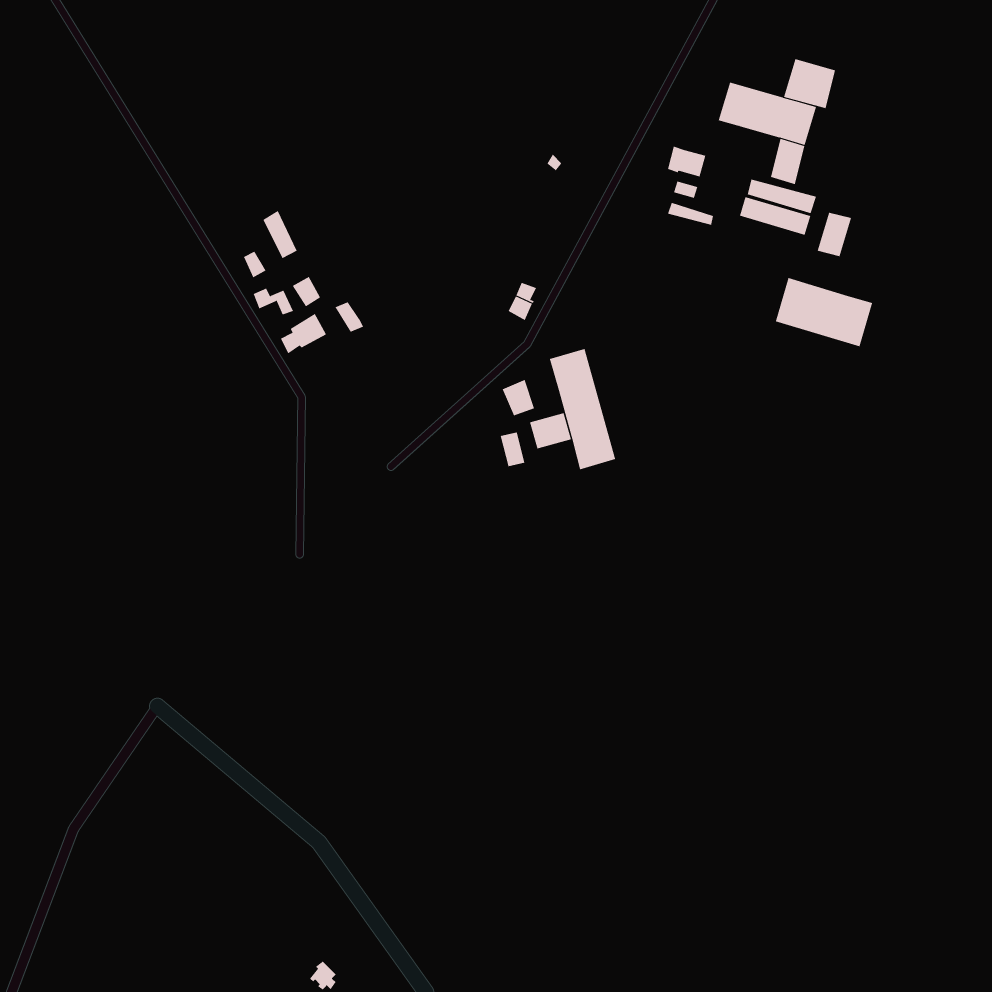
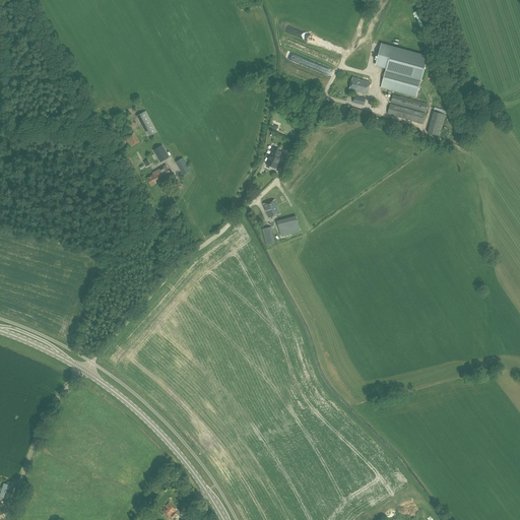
building: [783,58,836,109] -> [380,66,407,92]
building: [775,277,873,347] -> none
building: [549,348,616,470] -> none

